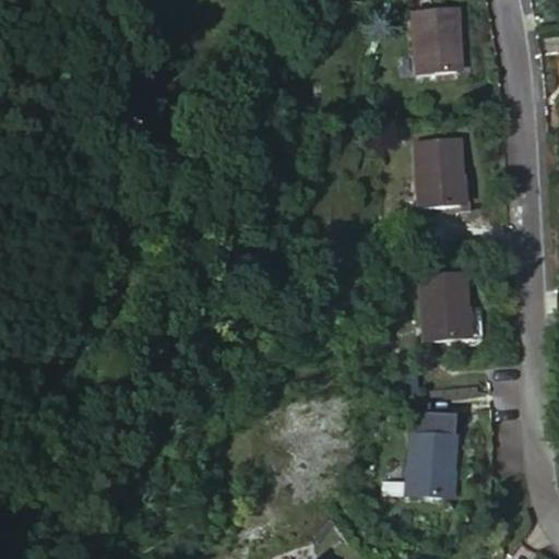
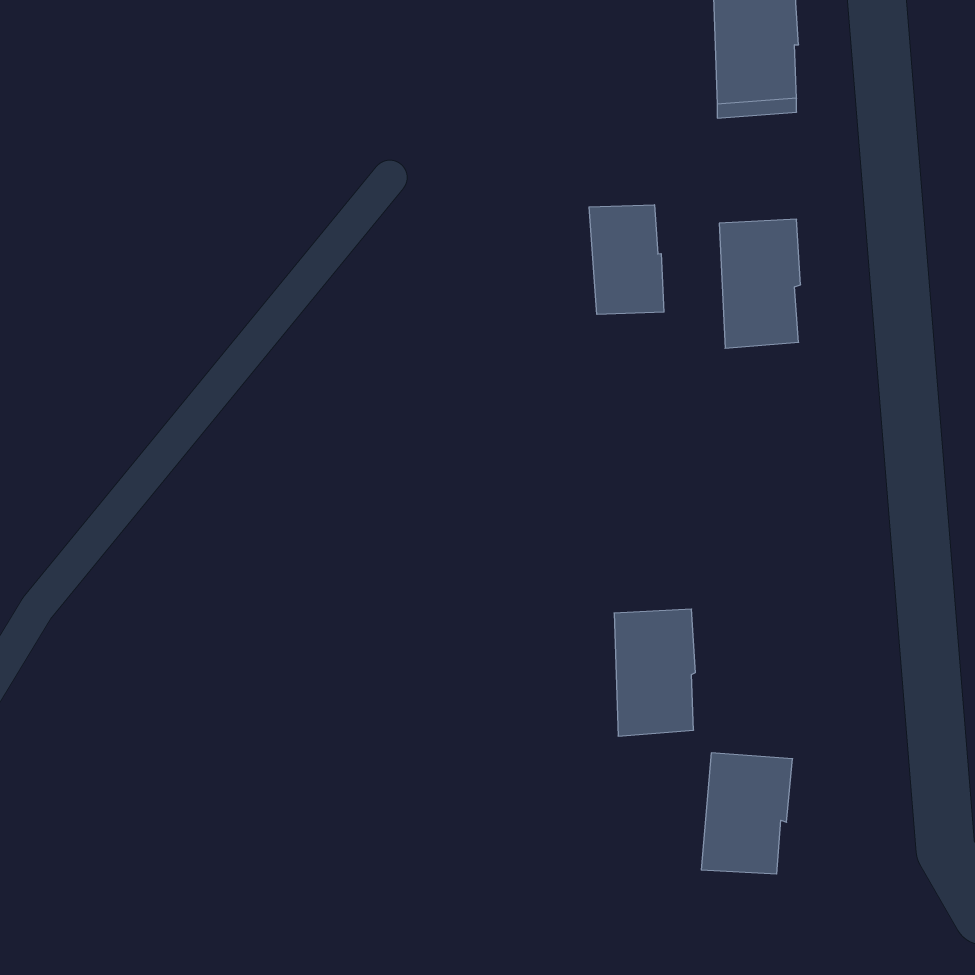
building: none -> [589,205,664,314]
building: [423,271,467,341] -> [614,609,695,736]

